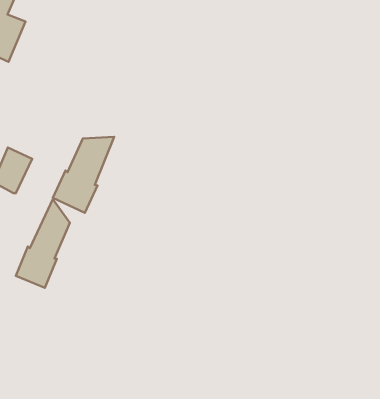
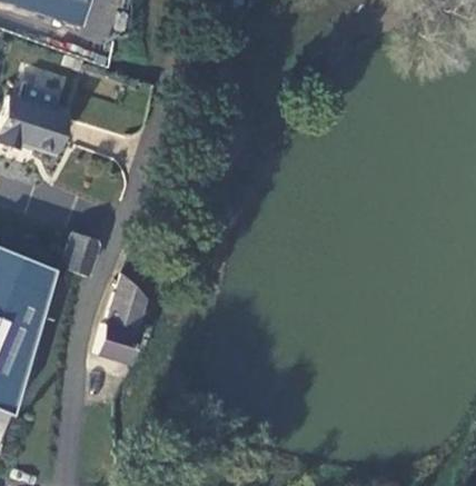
building: [53,137,114,213] -> none

